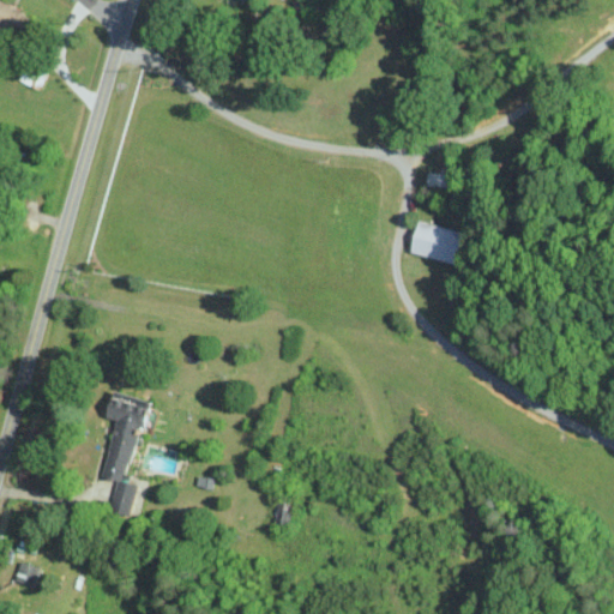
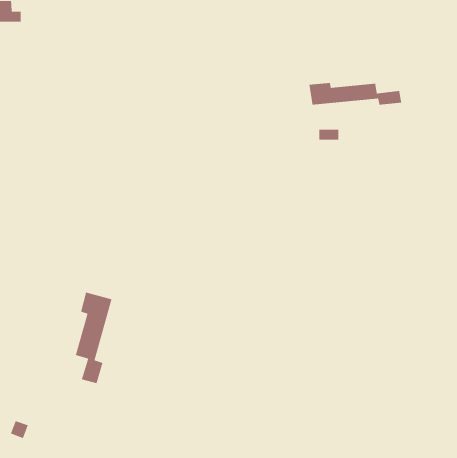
building: none -> [308,82,402,106]
building: [408,222,462,265] -> none

